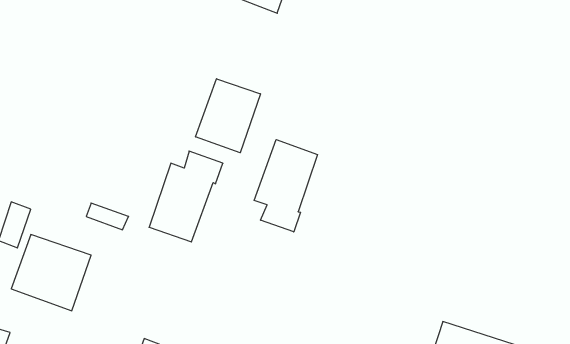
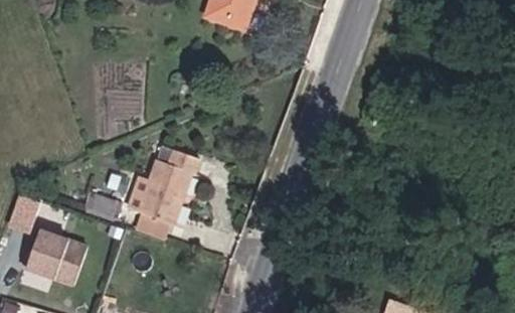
building: [196,79,260,153] -> none
building: [254,140,317,232] -> none

